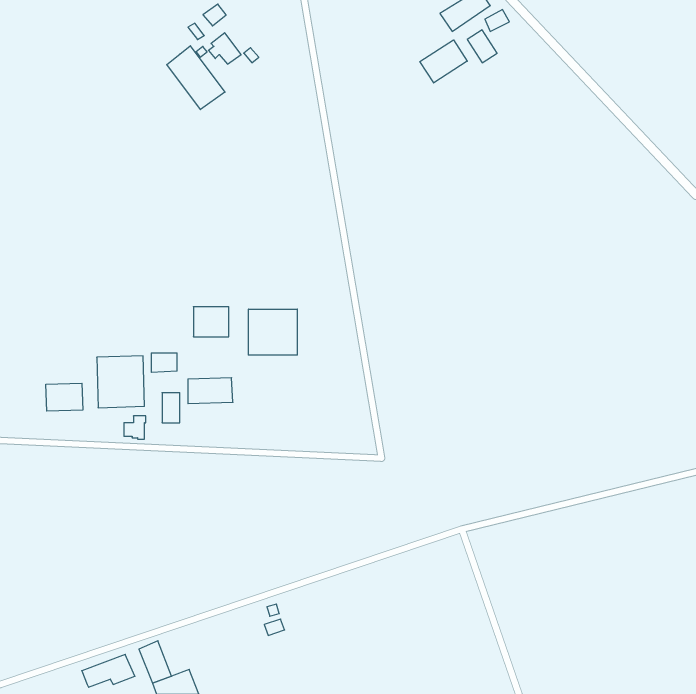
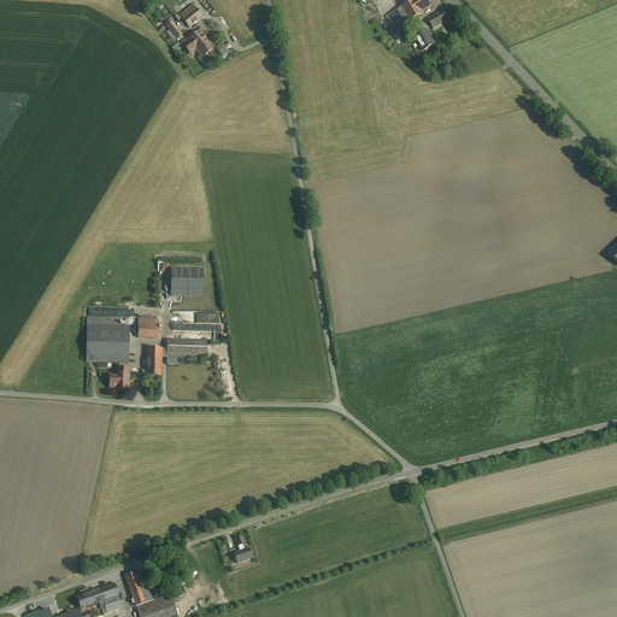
building: [420,40,467,83] -> none
building: [167,46,225,110] -> none
building: [248,309,297,355] -> none
building: [46,383,83,411] -> none

